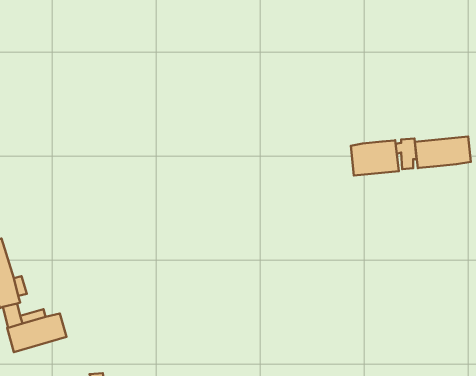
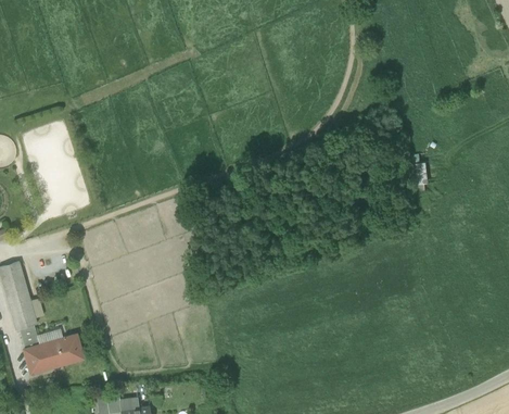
building: [415,136,471,168] -> none
building: [351,140,399,175] -> none

